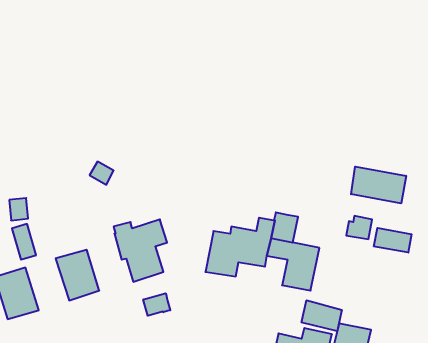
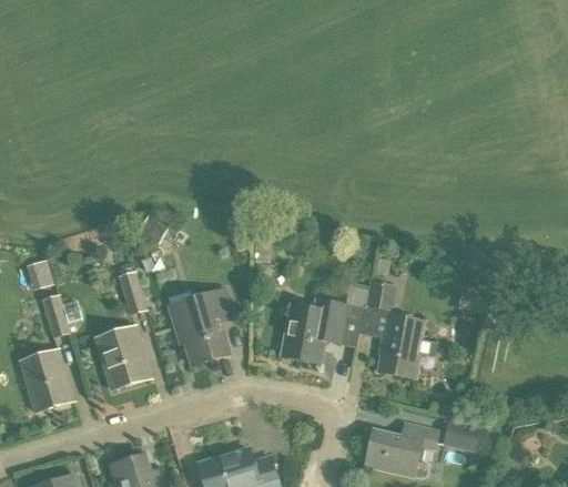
building: [351,167,406,203] -> none
building: none -> [118,272,148,315]
building: [374,228,412,253] -> none
building: [143,293,170,316] -> none
building: [302,300,342,331] -> none

